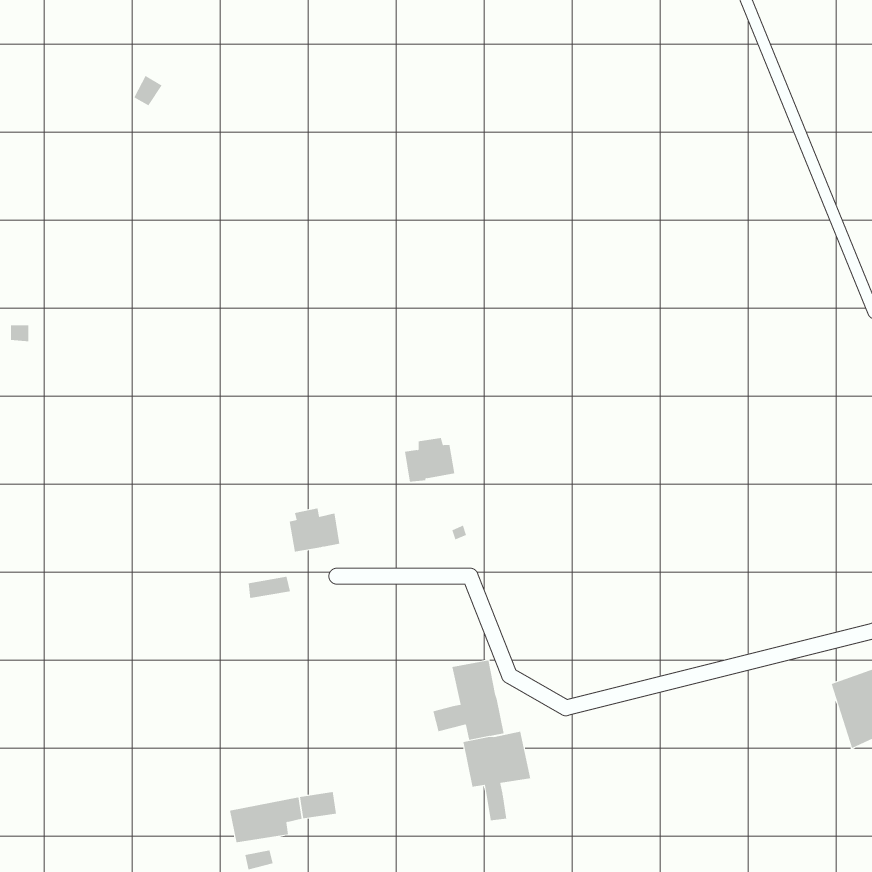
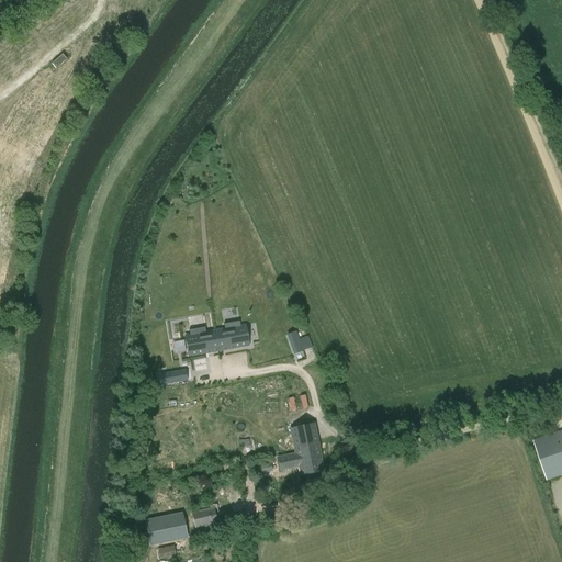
building: [404,438,455,482] -> [216,321,249,349]
building: [463,731,531,821] -> none

